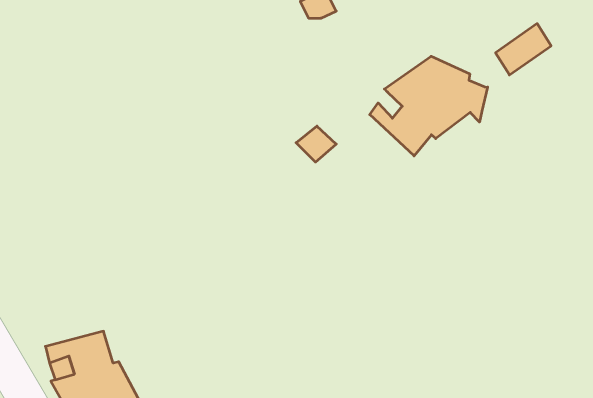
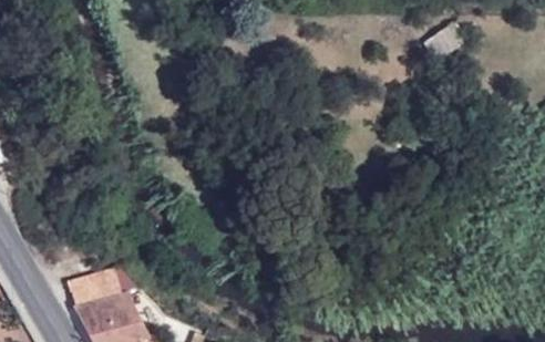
building: [370,56,488,156] -> none

